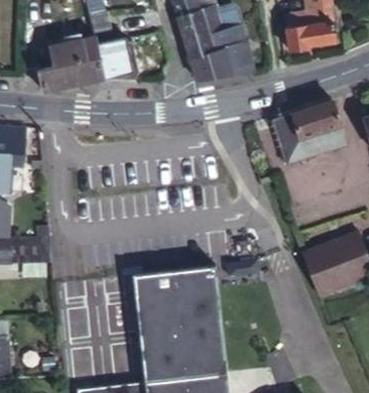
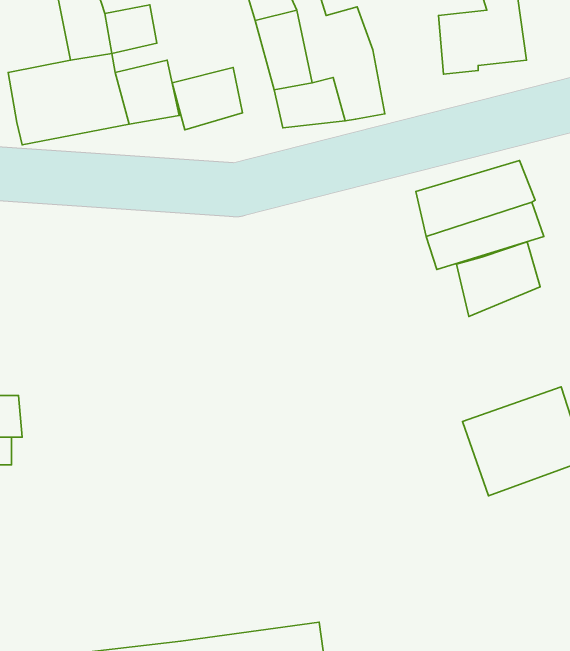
building: none -> [172,67,243,130]
building: none -> [456,242,540,317]
building: [123,267,217,381] -> none

